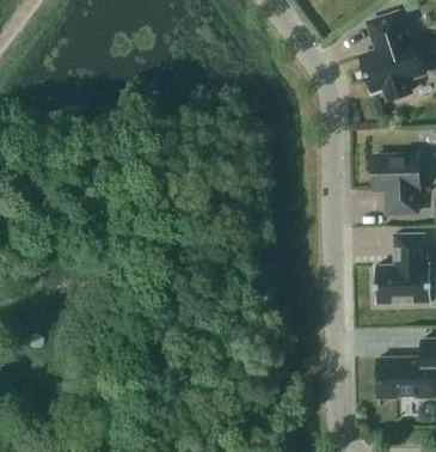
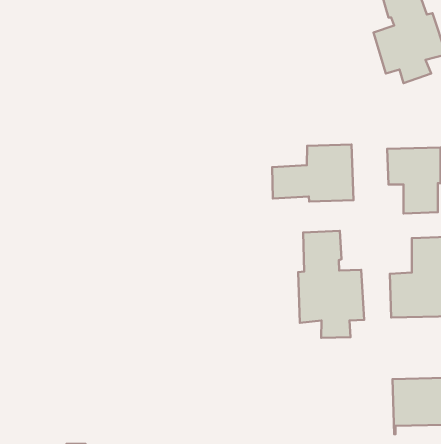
building: none -> [272,145,354,201]
building: none -> [298,231,364,338]

